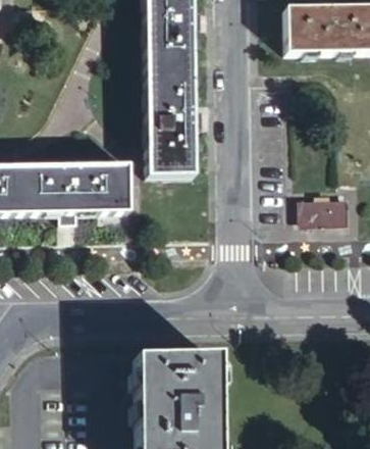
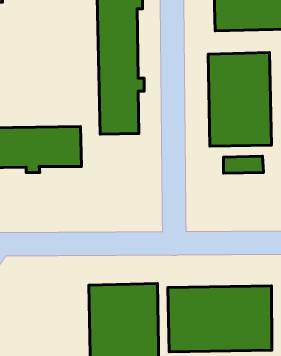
building: none -> [208,52,271,146]
building: none -> [168,286,272,352]

